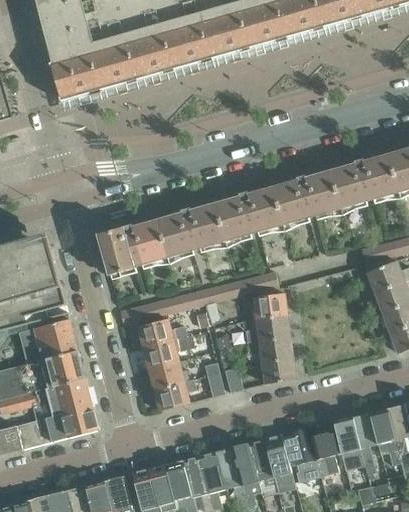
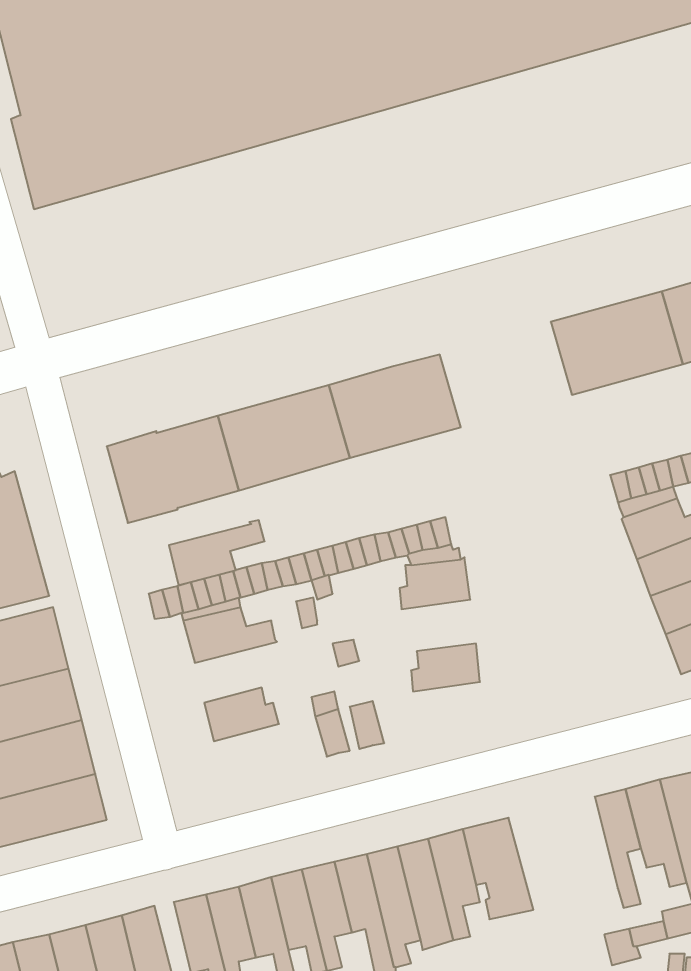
building: [271,169,340,224] -> none
building: [245,314,290,343] -> none
building: [143,334,193,368] -> [169,520,265,585]
building: [257,357,295,383] -> none
building: [153,378,196,410] -> none
building: [333,417,364,470] -> none
building: [307,423,338,476] -> none

